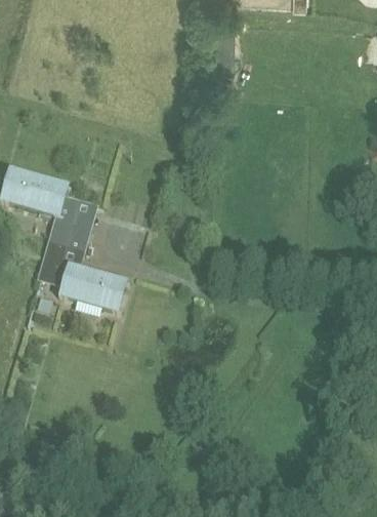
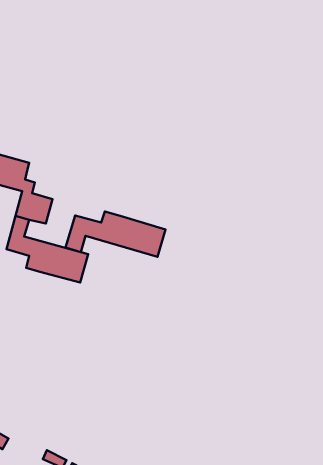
building: none -> [65,211,166,257]

